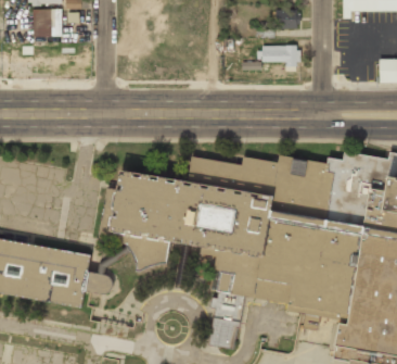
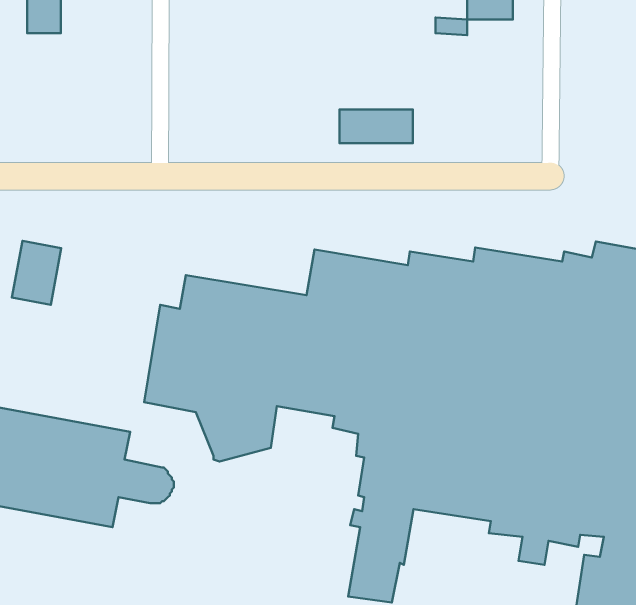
building: [259,47,299,65] -> [339,109,413,143]
building: none -> [12,241,61,305]

